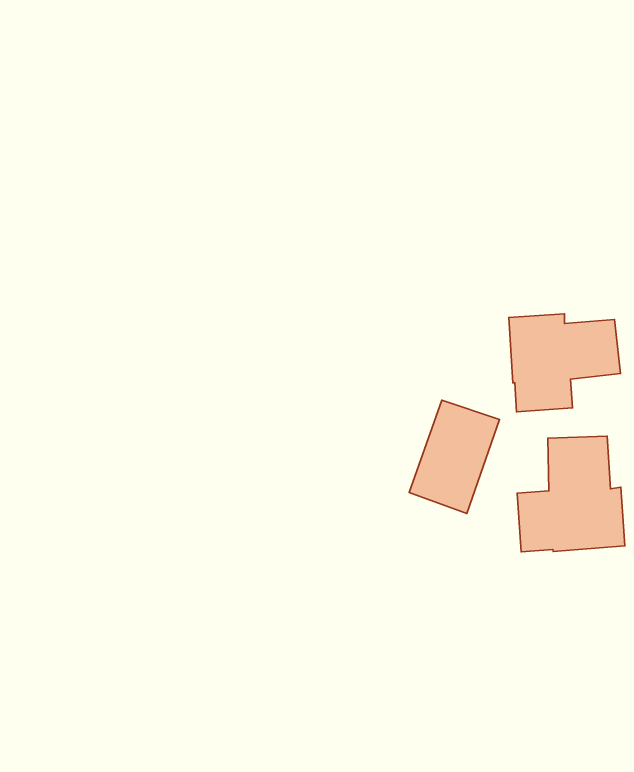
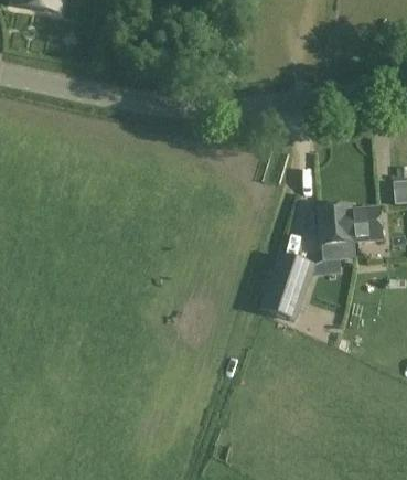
building: [517,436,625,552] -> none

